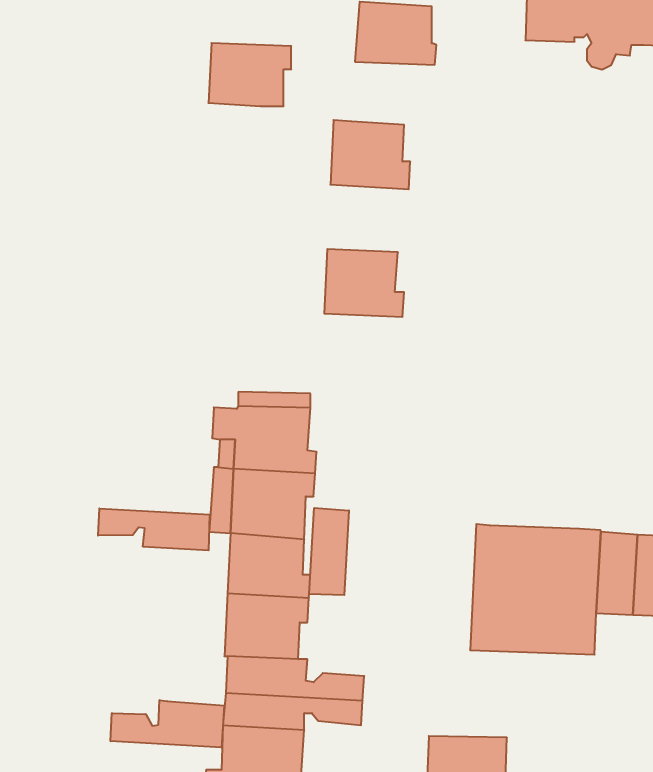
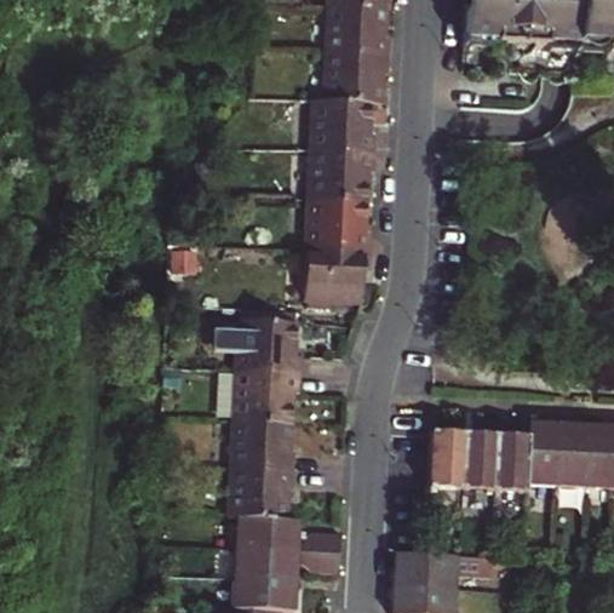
building: [208,43,291,106] -> [329,50,395,99]
building: none -> [310,147,374,200]
building: none -> [305,248,369,300]
building: [309,508,349,595] -> none
building: [98,508,210,550] -> none
building: none -> [390,551,490,583]
building: [111,700,224,748] -> none

